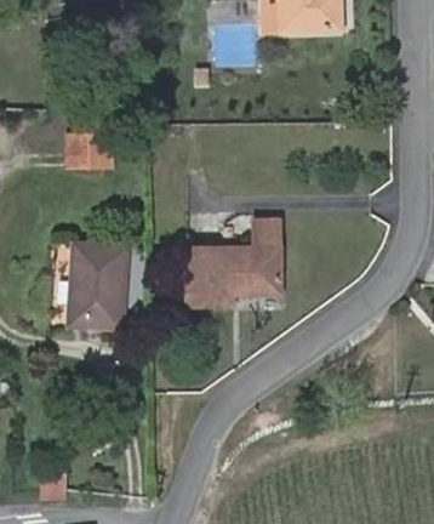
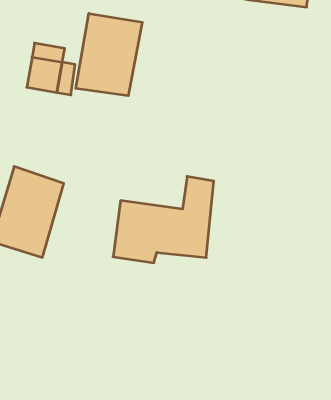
building: none -> [76,13,142,96]

